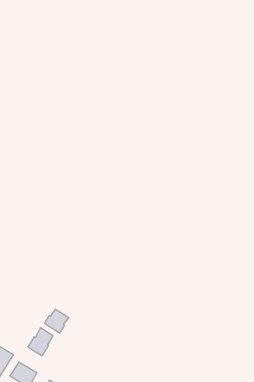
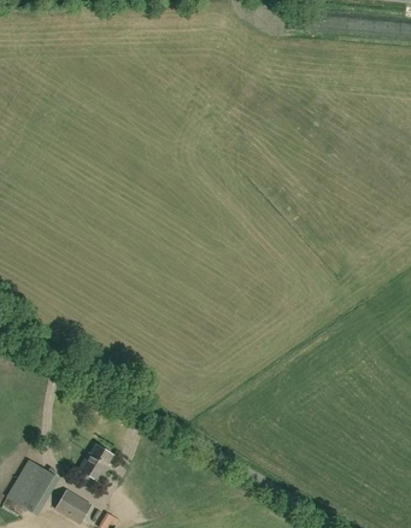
building: [45,309,69,333] -> none

